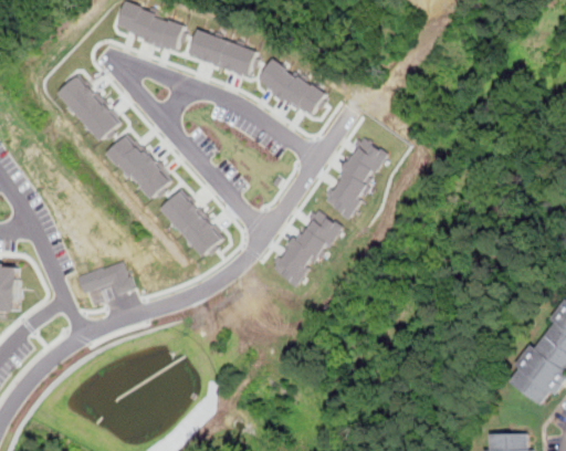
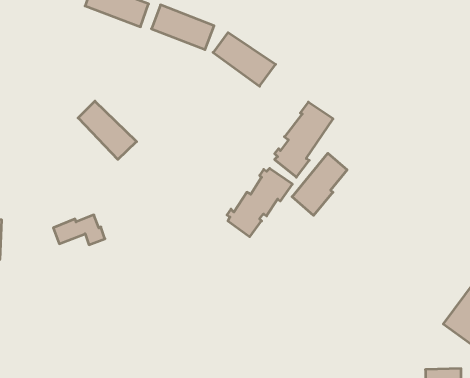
building: [56,74,118,140] -> none
building: [159,189,221,255] -> none
building: none -> [292,153,347,215]

